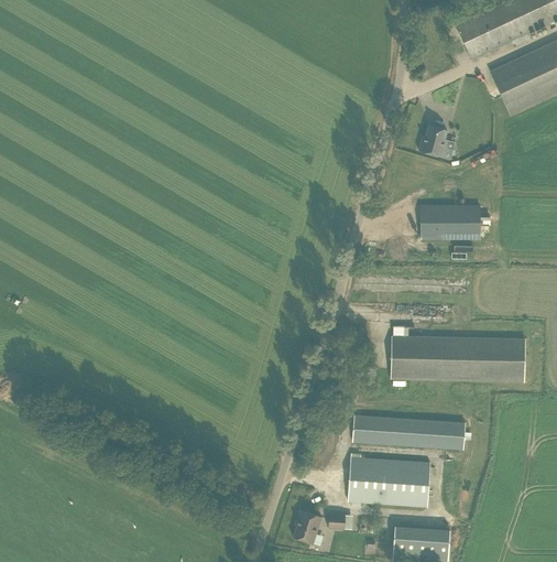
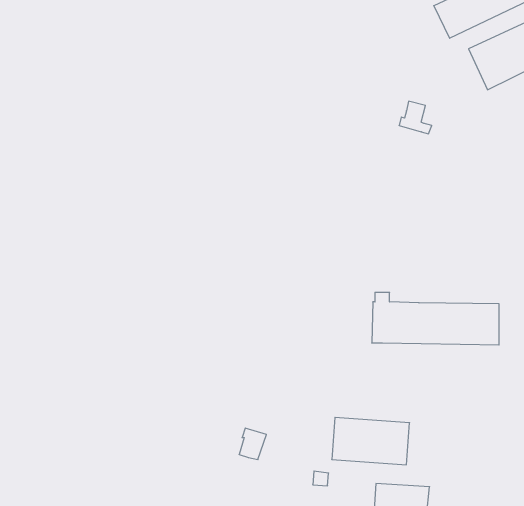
building: [421,205,479,238] -> none
building: [352,414,465,448] -> none
building: [293,509,321,542] -> [239,428,266,460]

